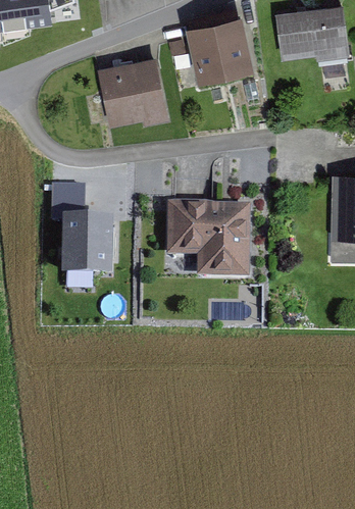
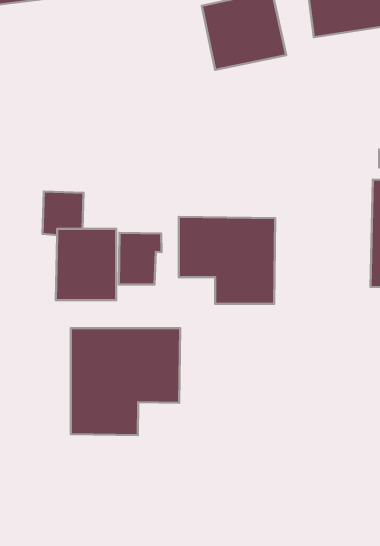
building: [100,59,167,128] -> none
building: none -> [119,233,162,285]
building: none -> [71,328,180,435]

